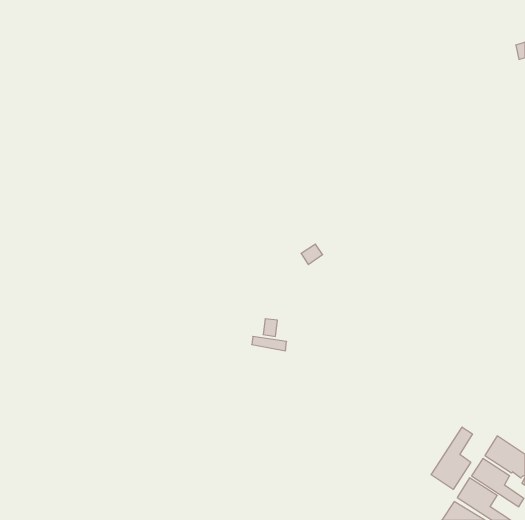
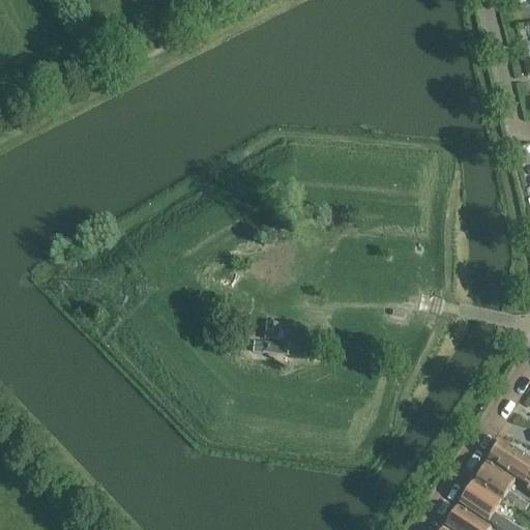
building: [431,427,472,489] -> none

